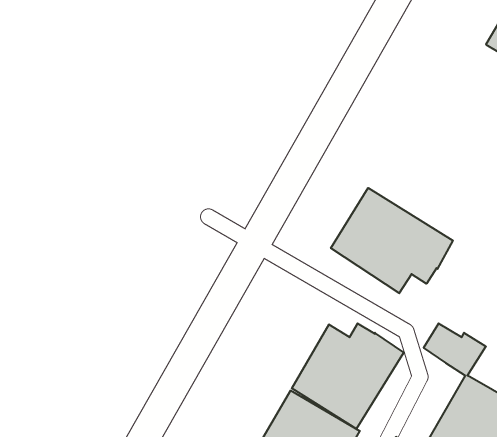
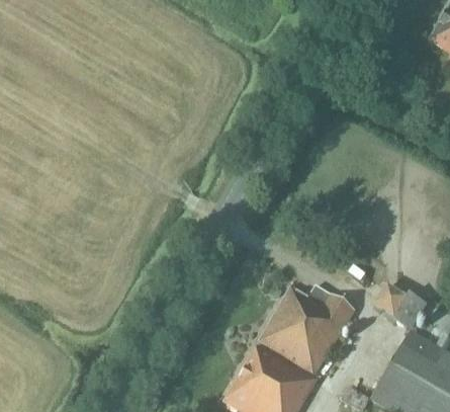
building: [331,188,453,293] -> none

